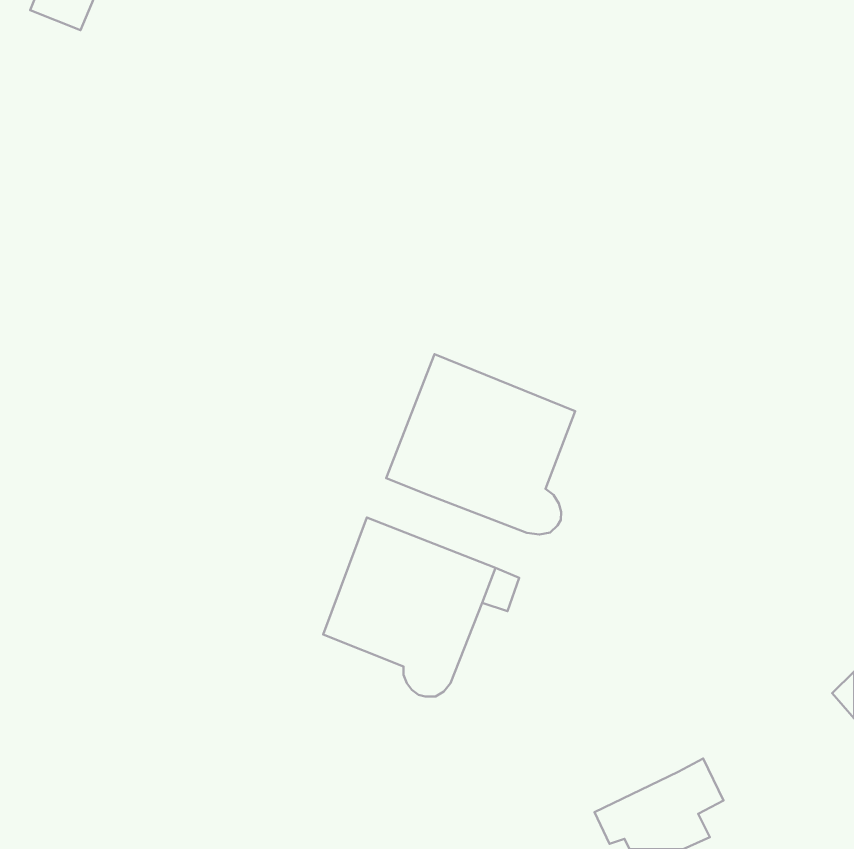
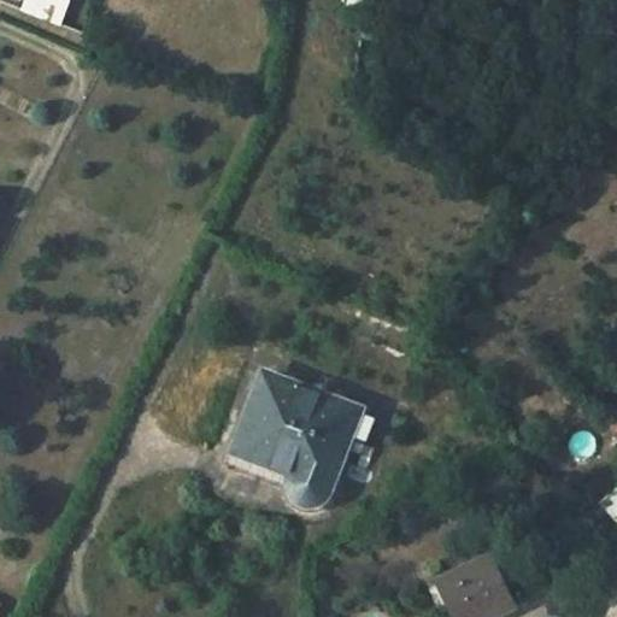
building: [386,354,575,534] -> none

